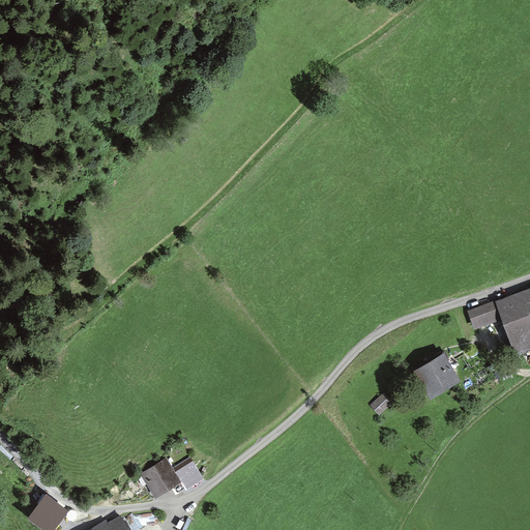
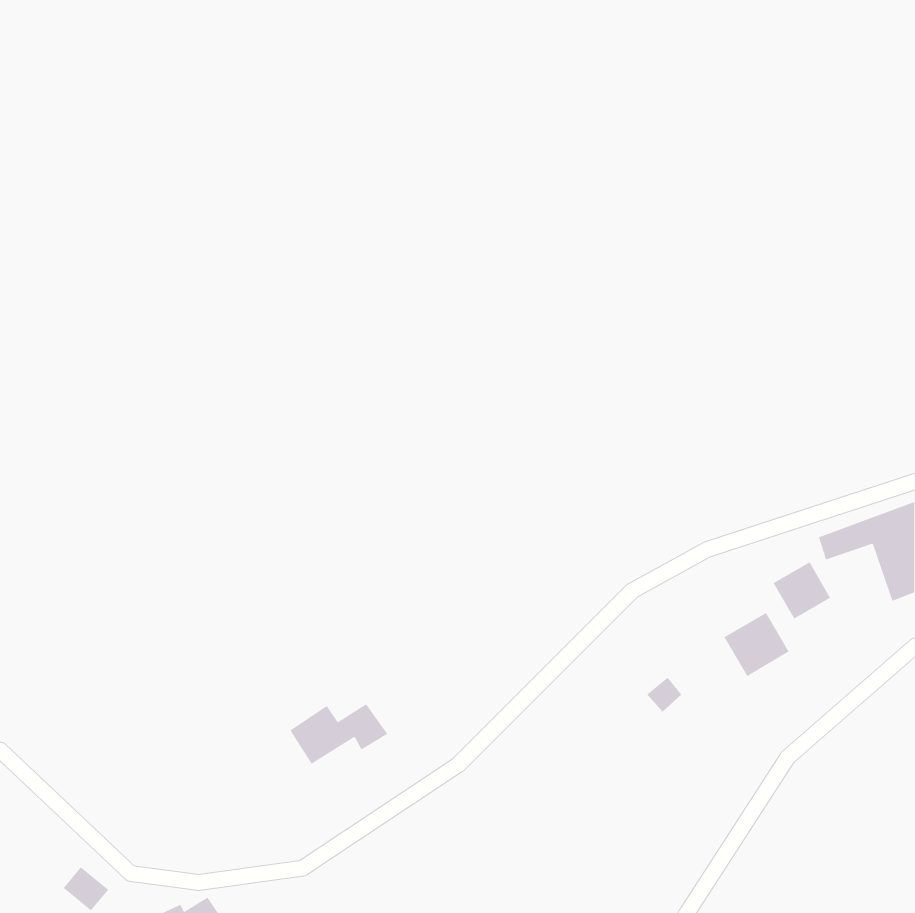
building: none -> [773,561,831,619]
building: [144,460,201,495] -> [290,704,388,764]

